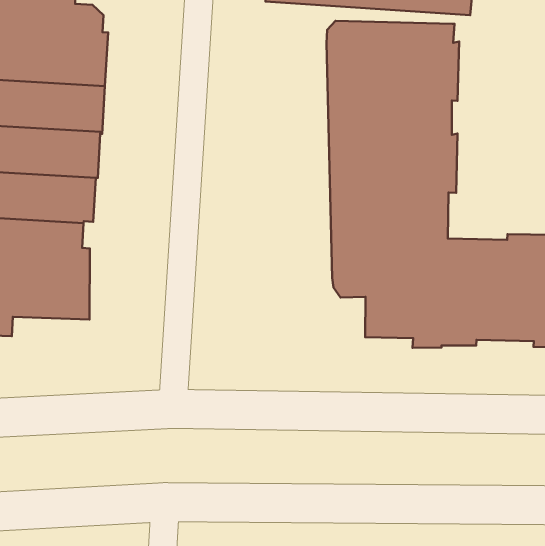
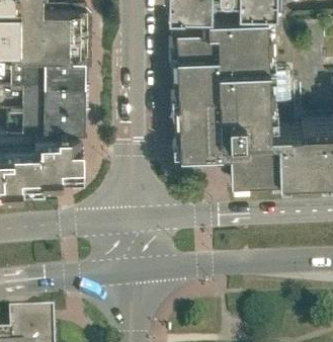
building: none -> [170,30,212,156]

